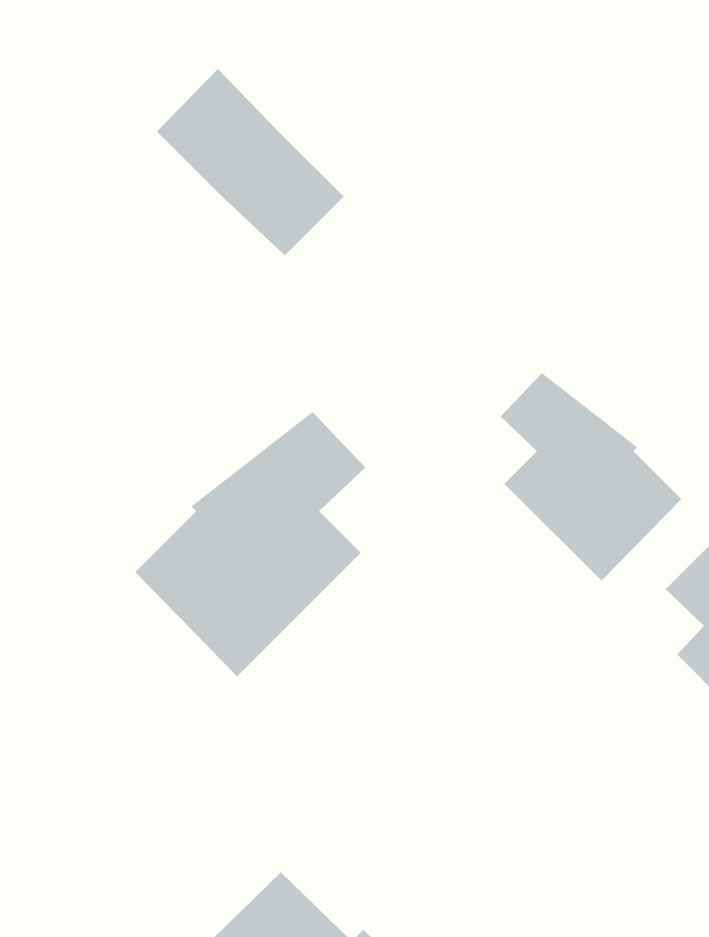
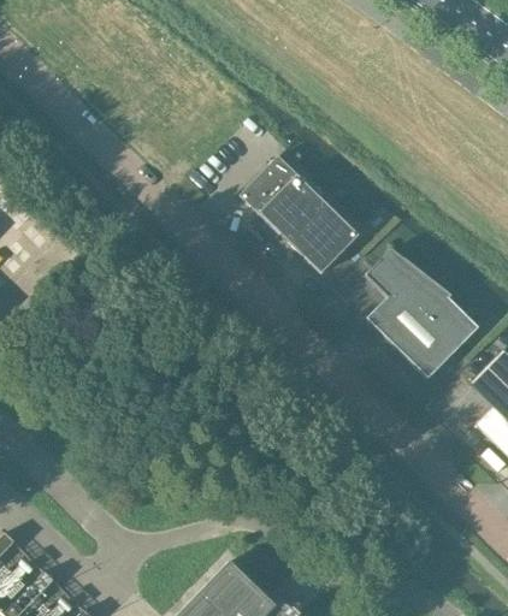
building: [156,68,344,256] -> [241,156,359,274]
building: [135,411,366,677] -> none

